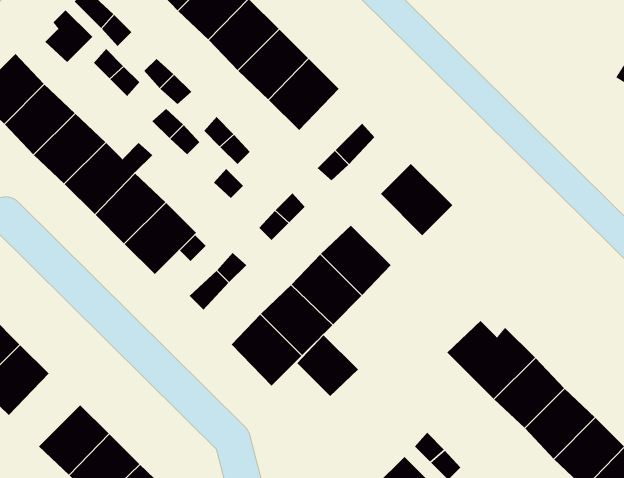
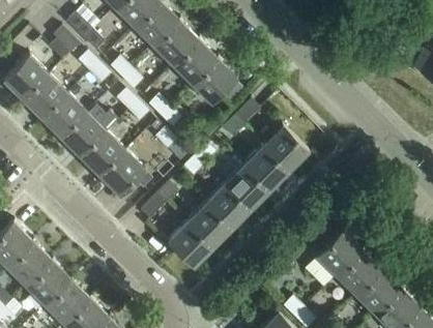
building: none -> [244,145,290,190]
building: [296,334,359,397] -> none
building: none -> [26,260,71,306]

